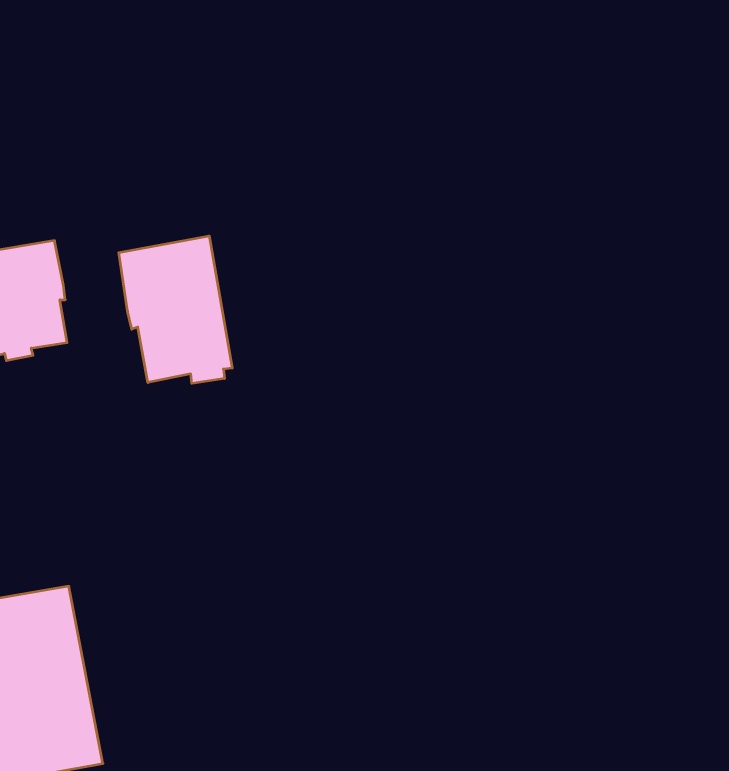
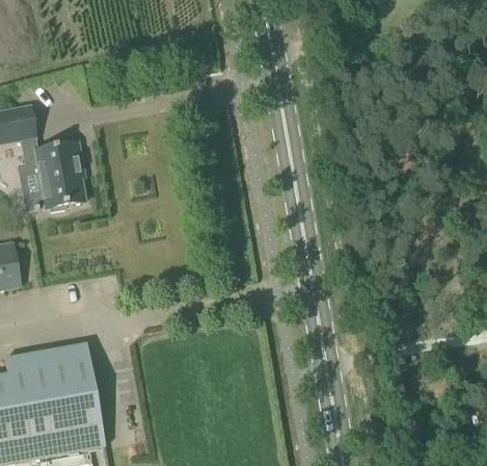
building: [119,236,232,383] -> none

